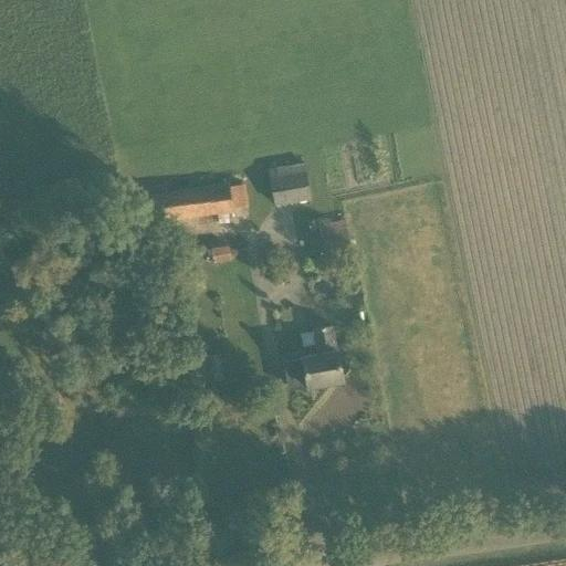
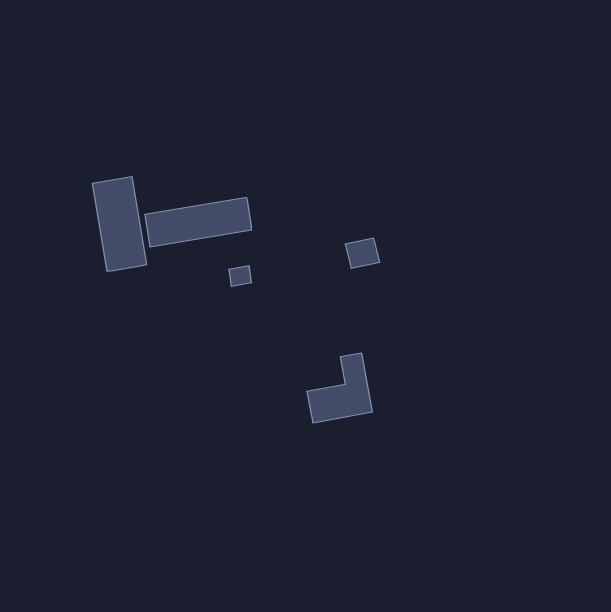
building: [269,163,313,208] -> none
building: none -> [93,176,146,271]

